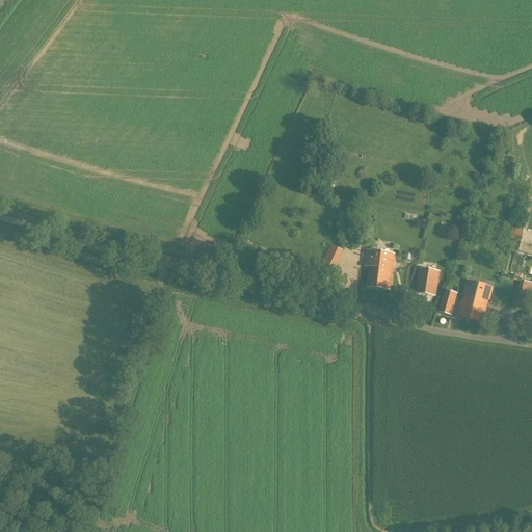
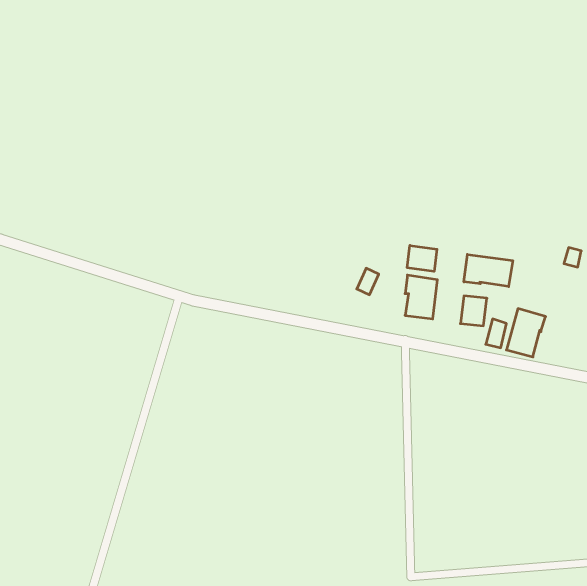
building: none -> [407,245,437,271]
building: none -> [464,254,513,287]

